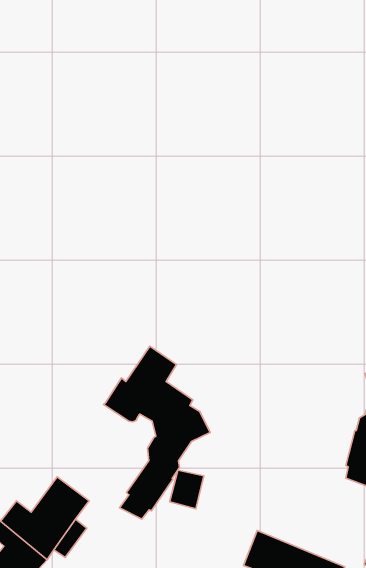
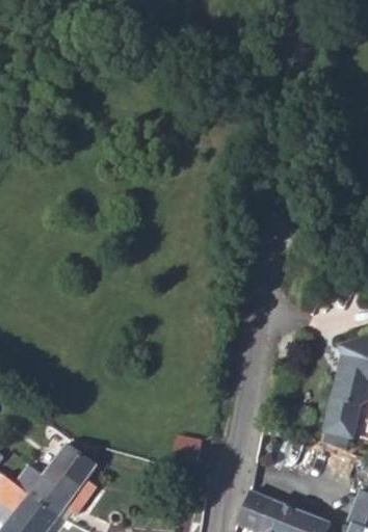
building: [104,346,210,519] -> none

